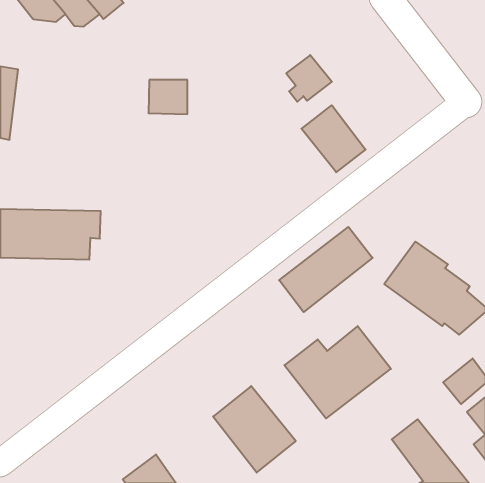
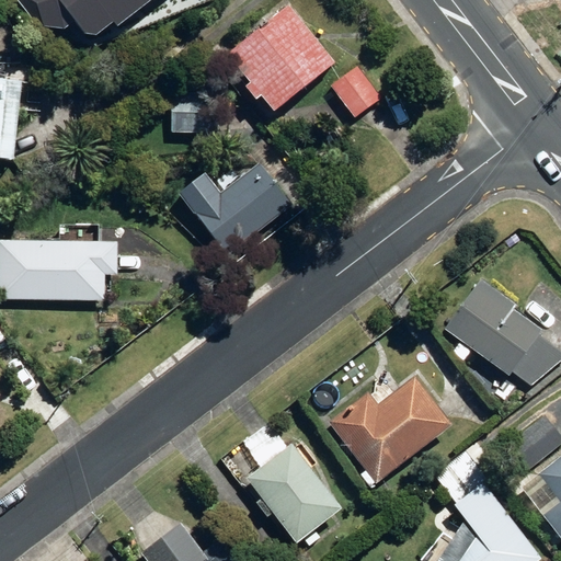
building: none -> [227,4,335,112]
building: [301,105,366,172] -> none
building: none -> [178,162,291,254]
building: [279,227,373,312] -> none

